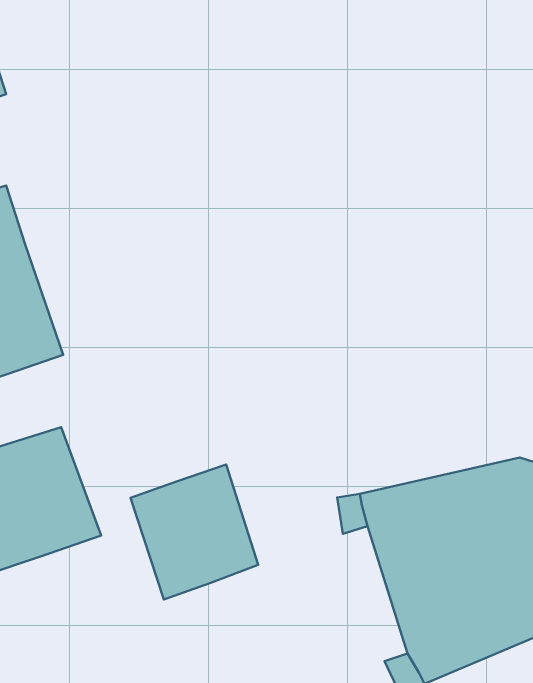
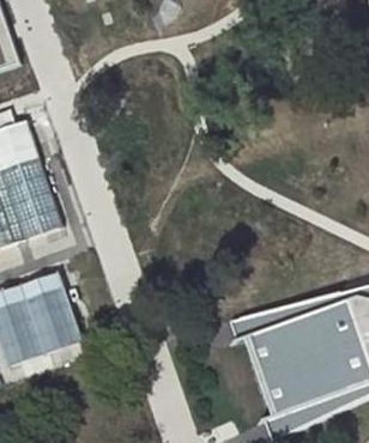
building: [131,465,258,599] -> none

